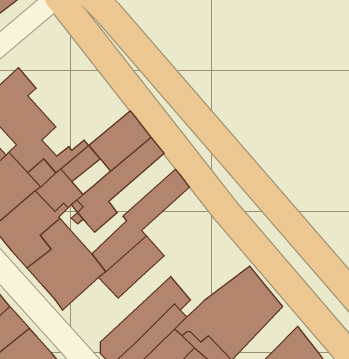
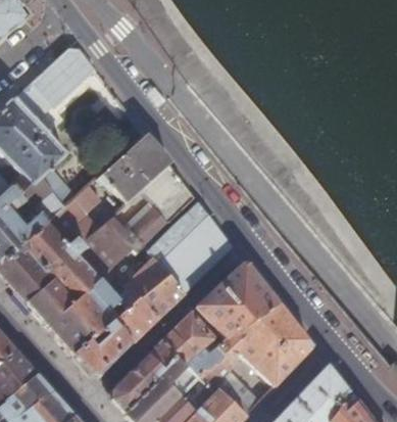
building: none -> [24,50,96,112]
building: none -> [158,220,232,294]
building: none -> [195,267,276,343]
building: none -> [72,318,133,373]

